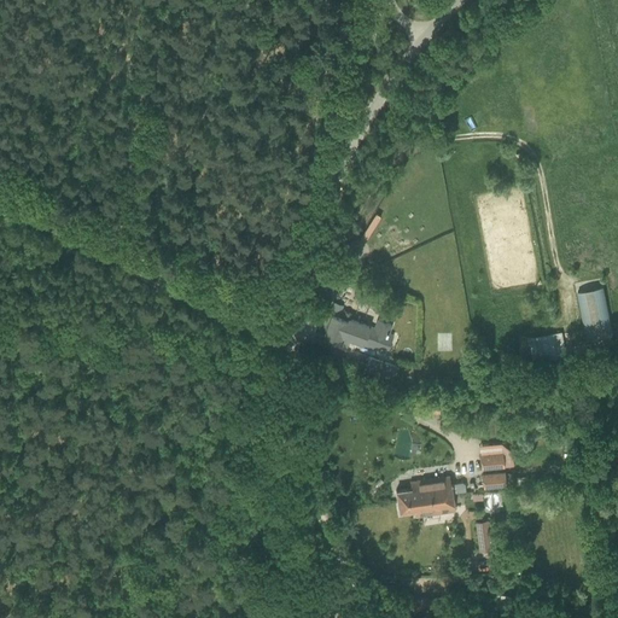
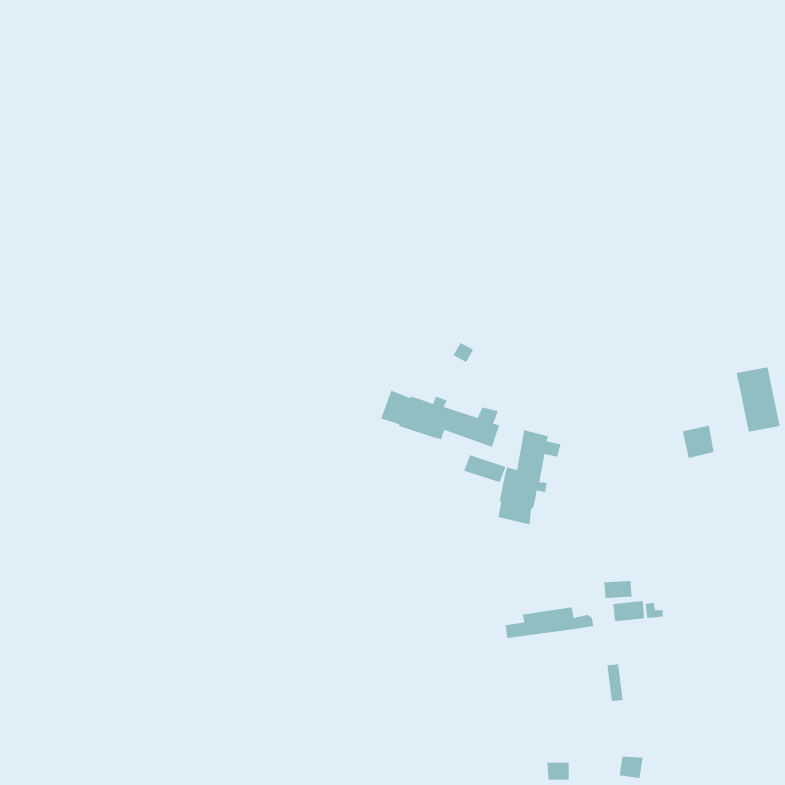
building: none -> [497,429,561,525]
building: [398,495,455,518] -> none

